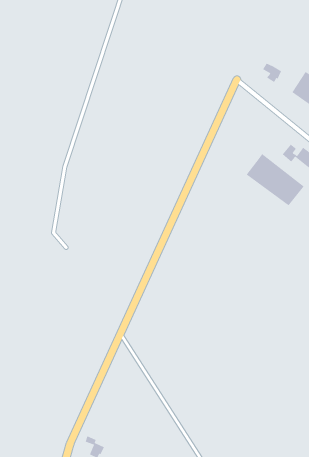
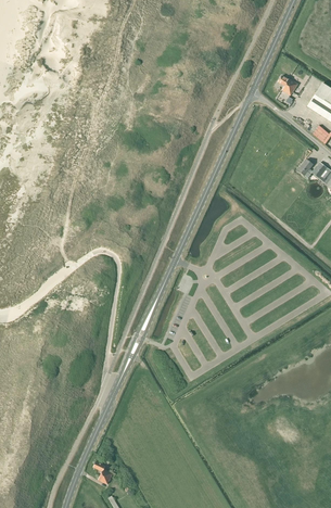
building: [246,153,304,206] -> none

